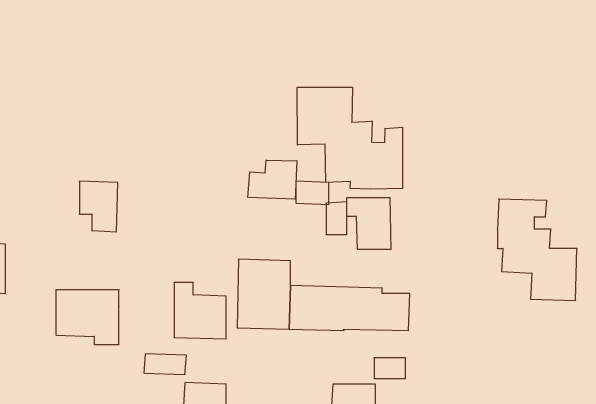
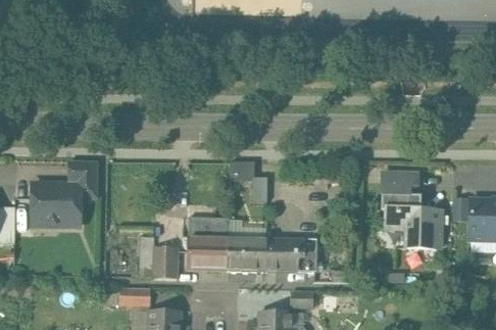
building: [297,87,403,189] -> none
building: [248,160,297,199] -> none
building: [347,198,391,249] -> none
building: [56,290,119,345] -> [32,184,79,225]

